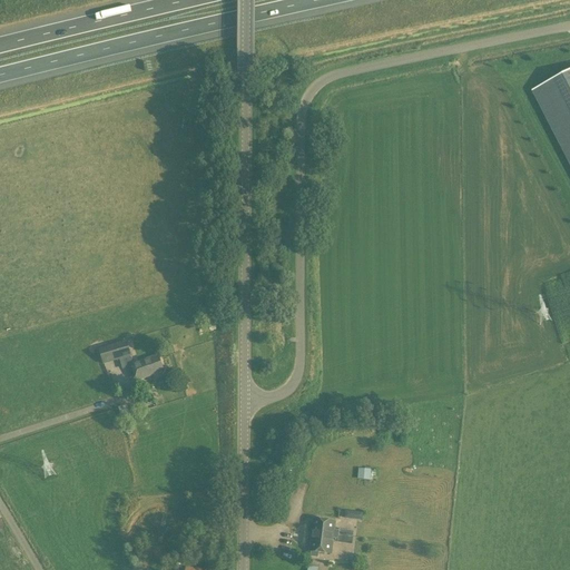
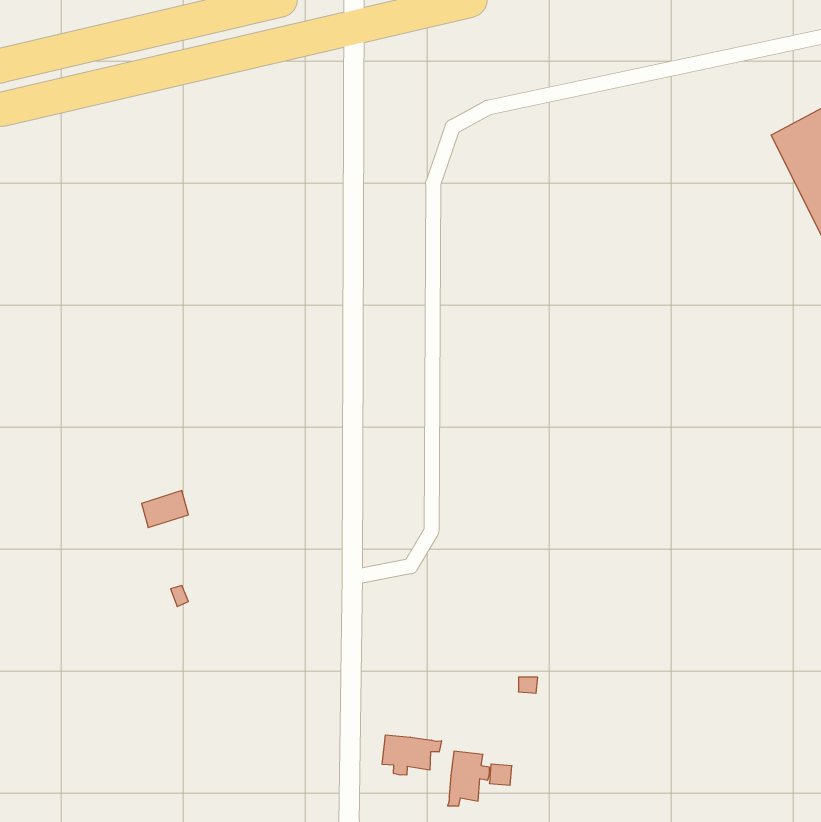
building: [129,355,165,381] -> none
building: none -> [382,735,442,775]

